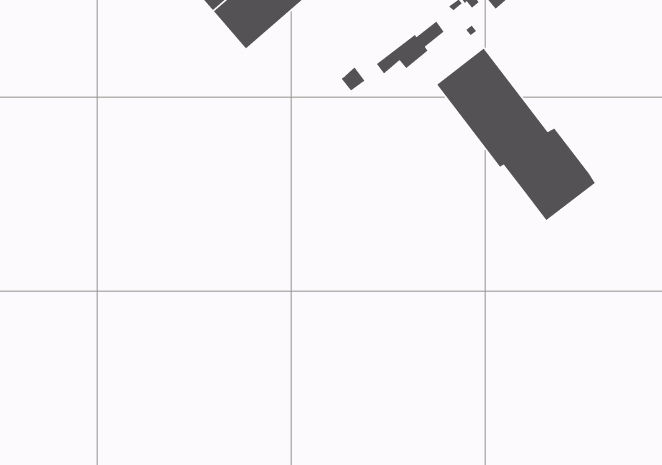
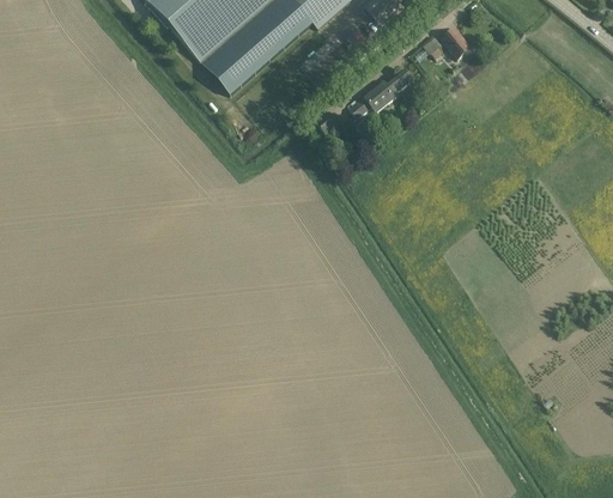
building: [436,48,596,221] -> none

